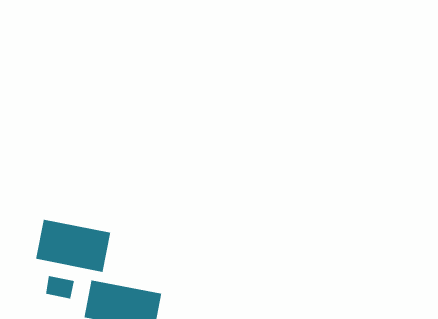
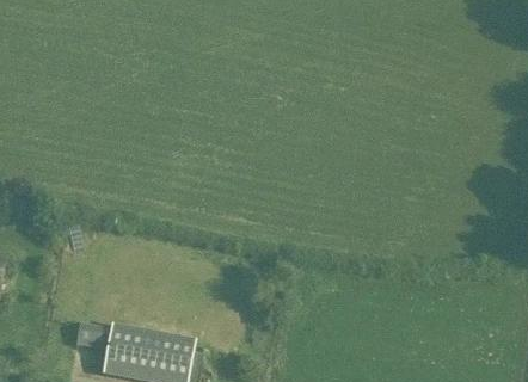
building: [35,219,111,273] -> none

